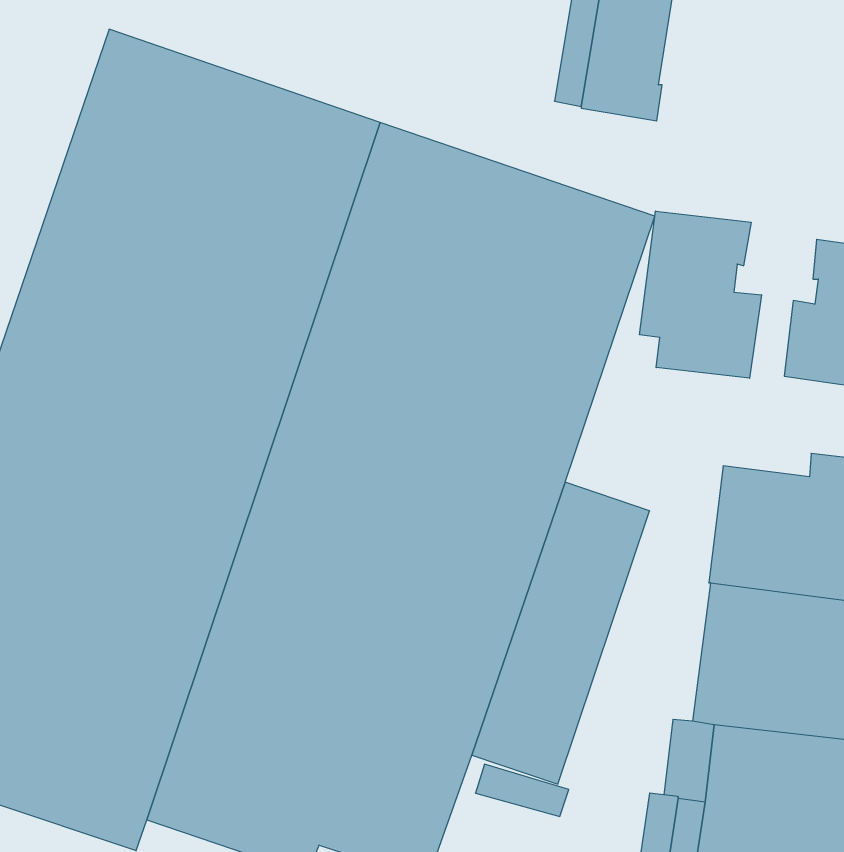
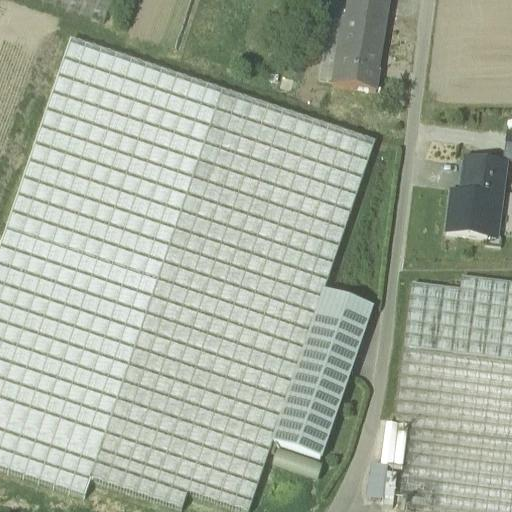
building: [640,211,761,378] -> none

